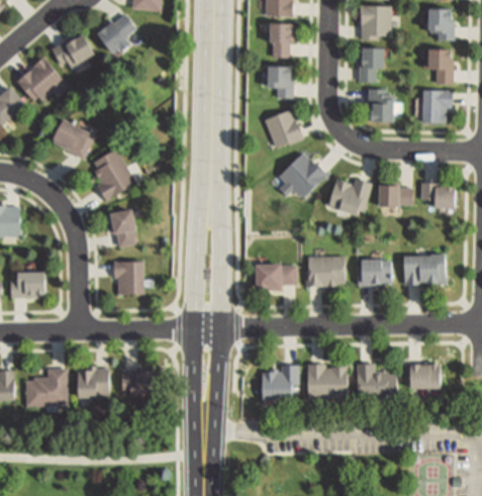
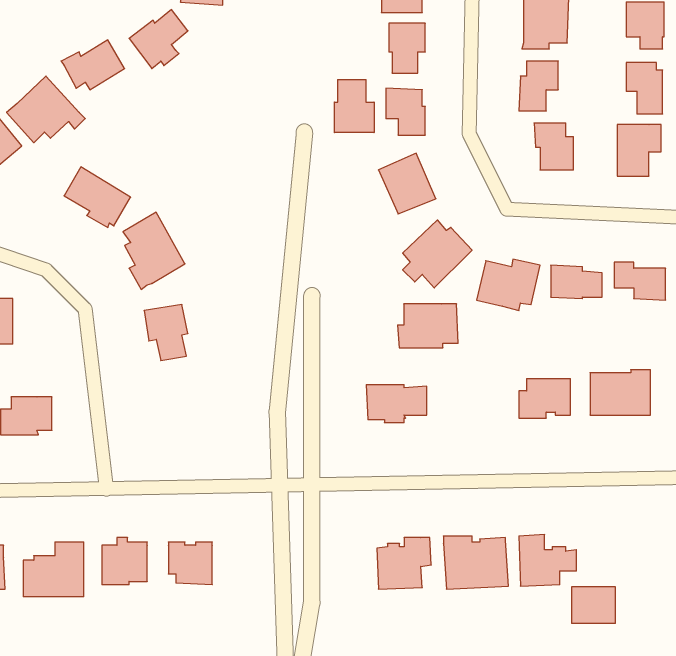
building: none -> [334,80,374,133]
building: [304,257,345,286] -> [398,304,458,348]
building: [112,262,142,293] -> none
building: [410,364,440,388] -> [572,587,615,623]

